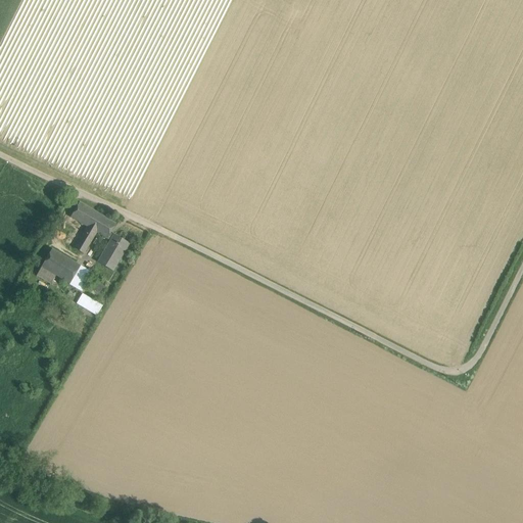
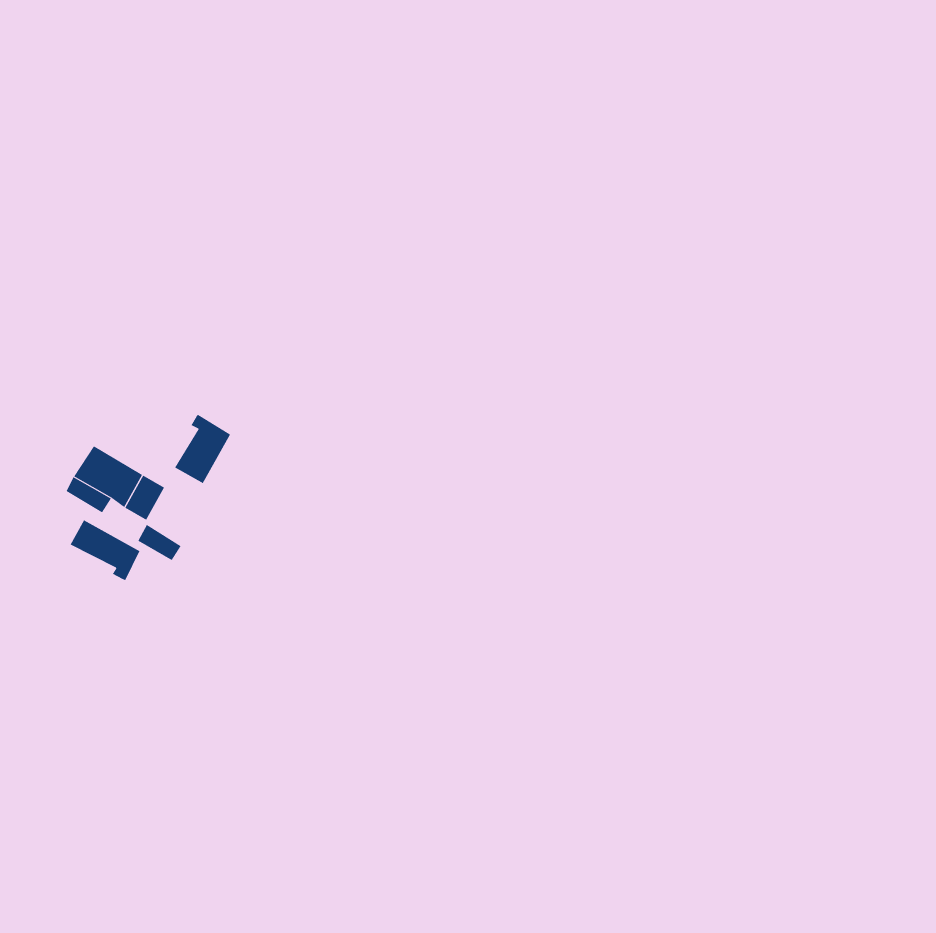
building: [70,200,115,252] -> none
building: none -> [70,520,140,581]

